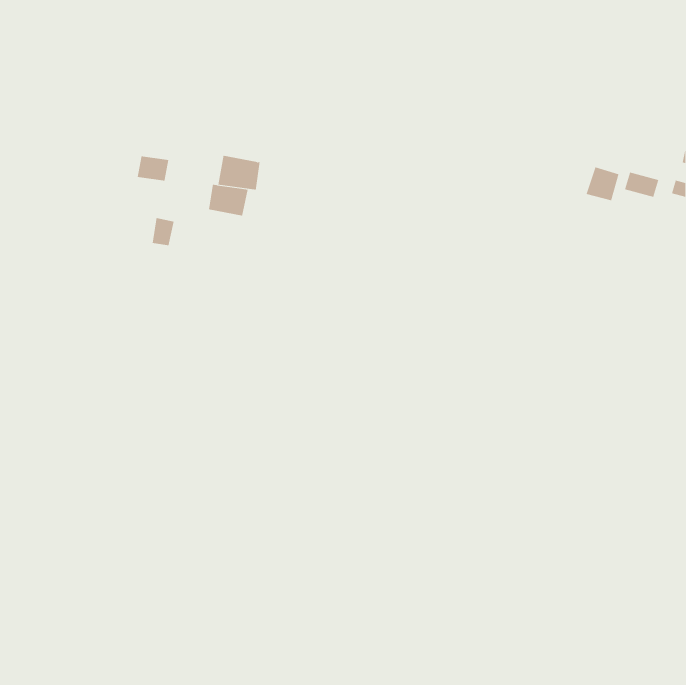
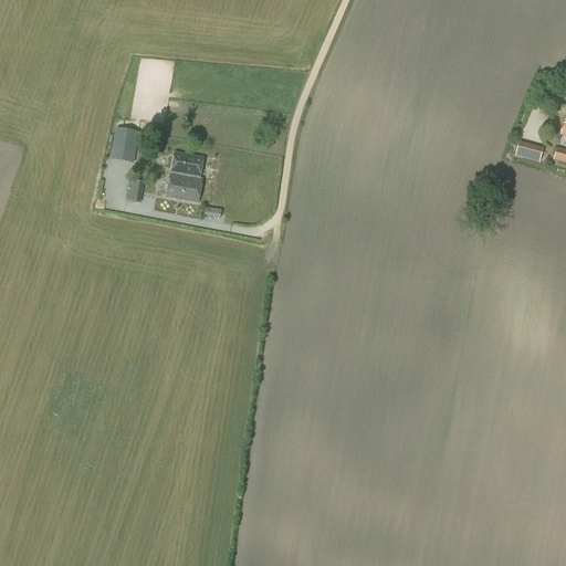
building: [217,155,260,190] -> [167,172,202,201]
building: [586,166,619,201] -> none

